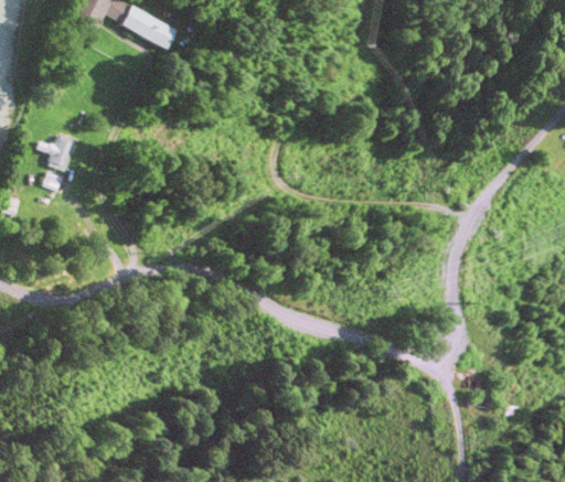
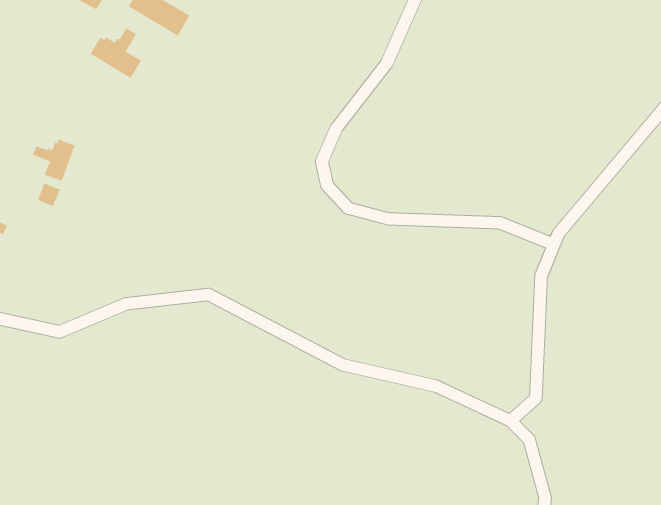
building: none -> [90,28,142,79]

